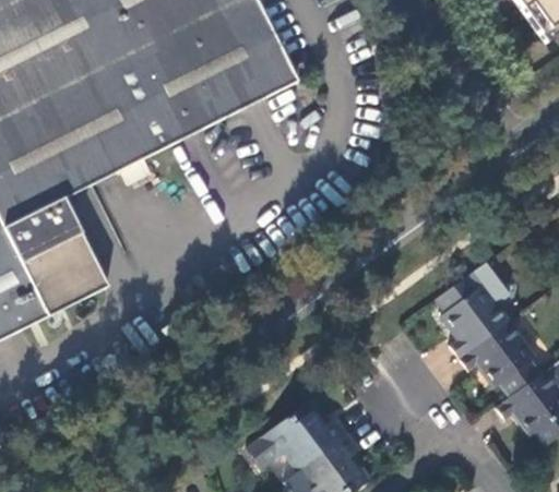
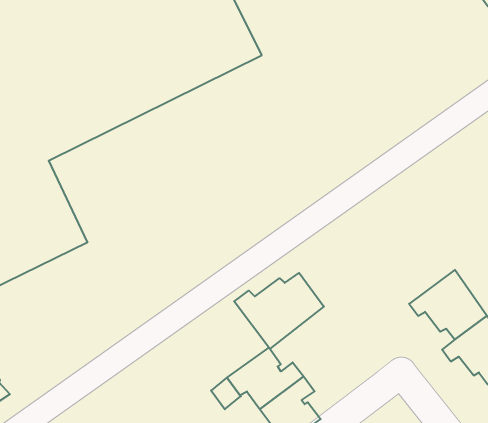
building: [436,272,522,355] -> none
building: none -> [234,273,324,349]

